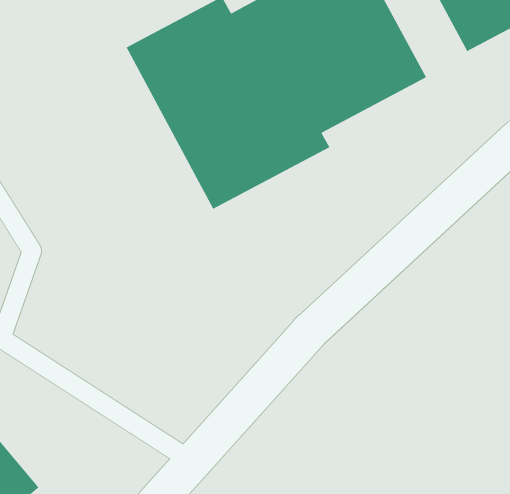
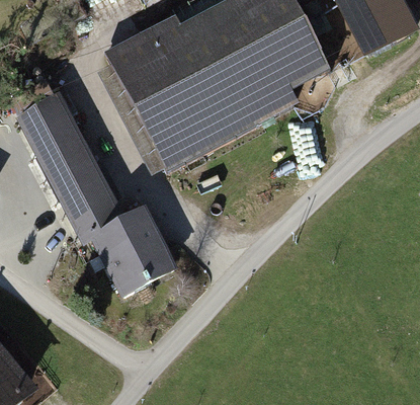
building: none -> [25,100,185,295]

